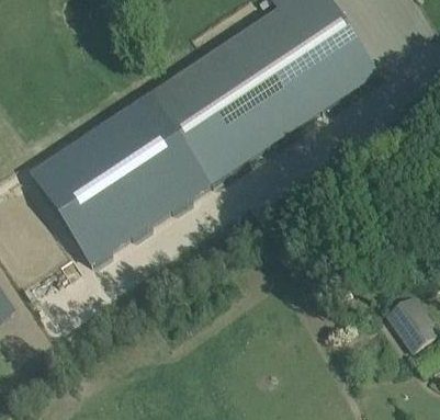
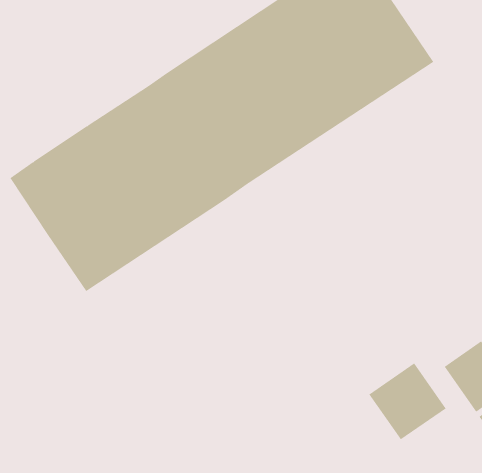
building: none -> [369,363,446,440]

